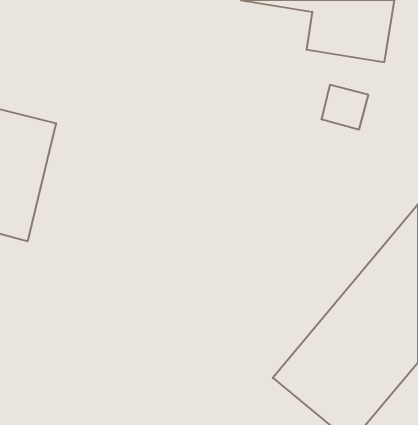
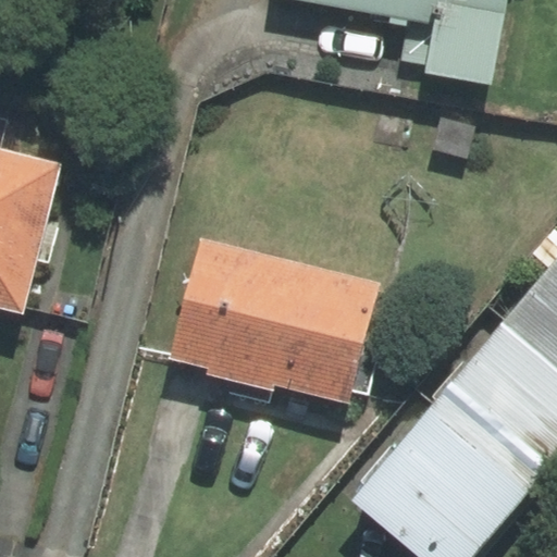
building: none -> [173,238,376,401]

